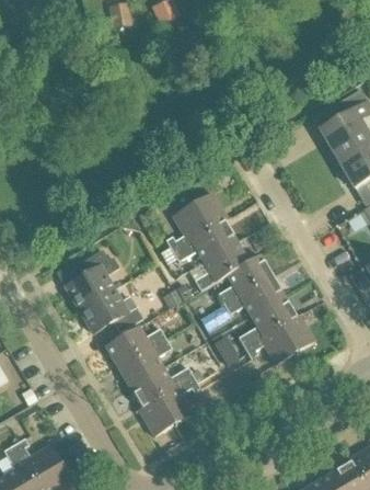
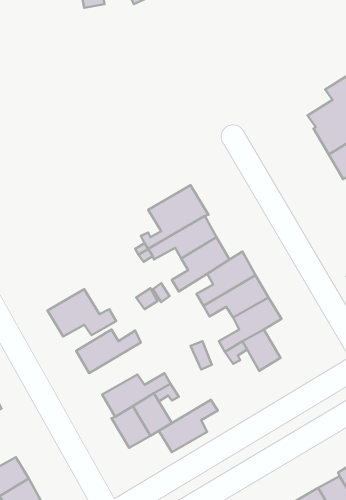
building: [66,249,119,308] -> none
building: [279,314,314,352] -> none
building: [117,338,172,386] -> [159,400,218,452]

